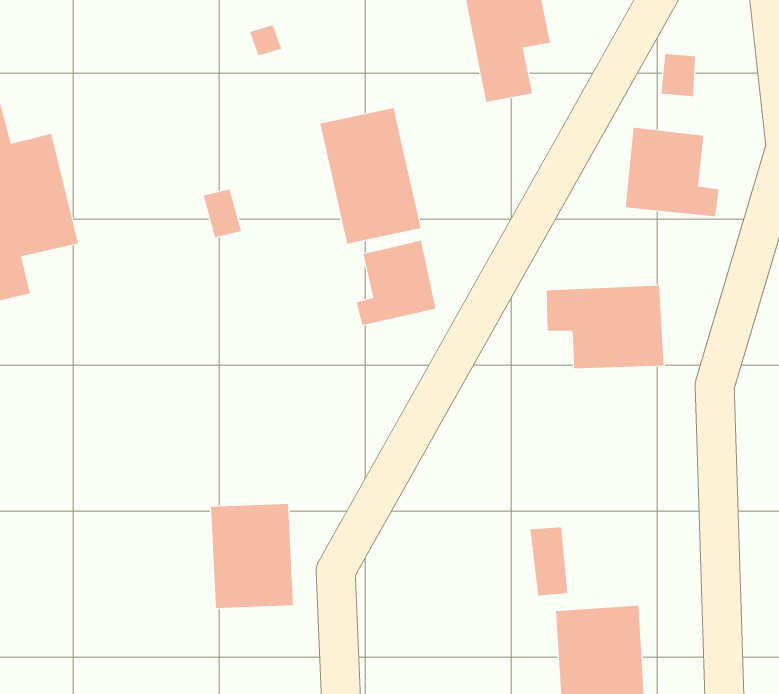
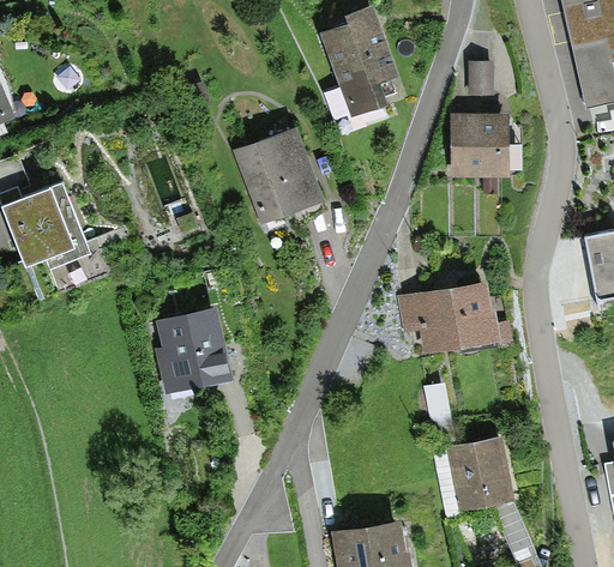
building: [356,240,436,326] -> none
building: [546,285,664,369] -> [405,286,493,351]
building: [210,504,294,608] -> [158,310,224,388]

